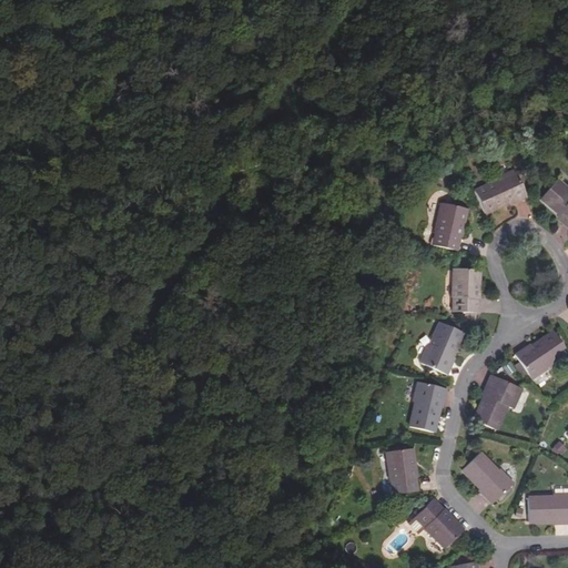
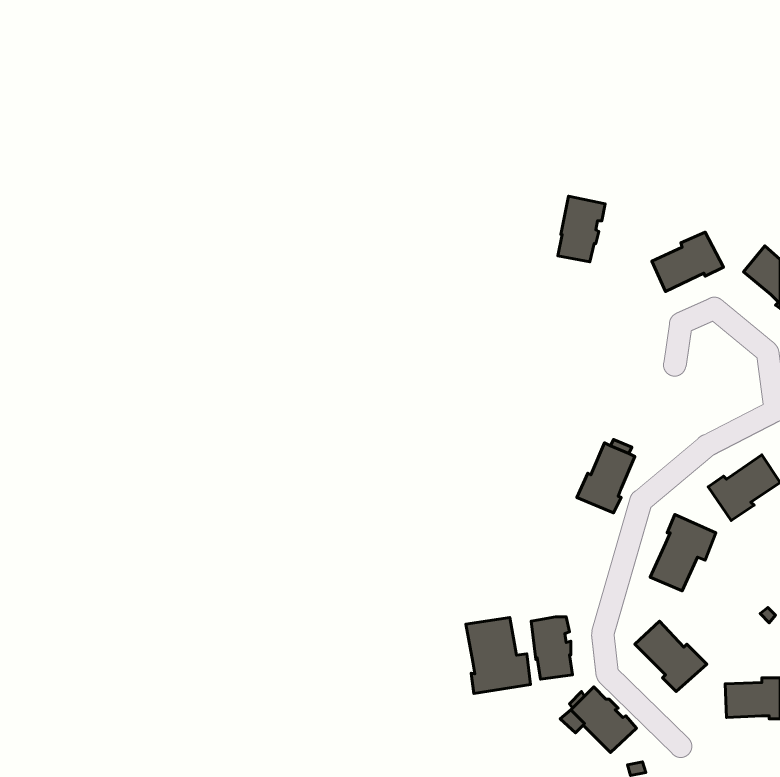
building: [433,202,467,250] -> [558,196,605,262]
building: [453,267,479,312] -> none
building: [409,382,446,432] -> none
building: none -> [466,617,530,694]

